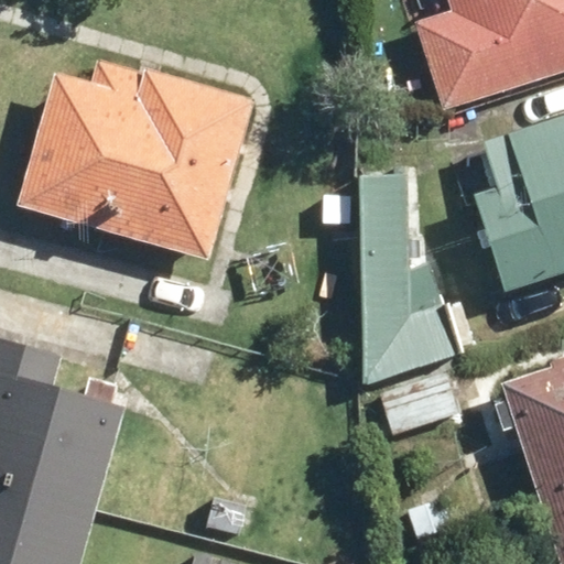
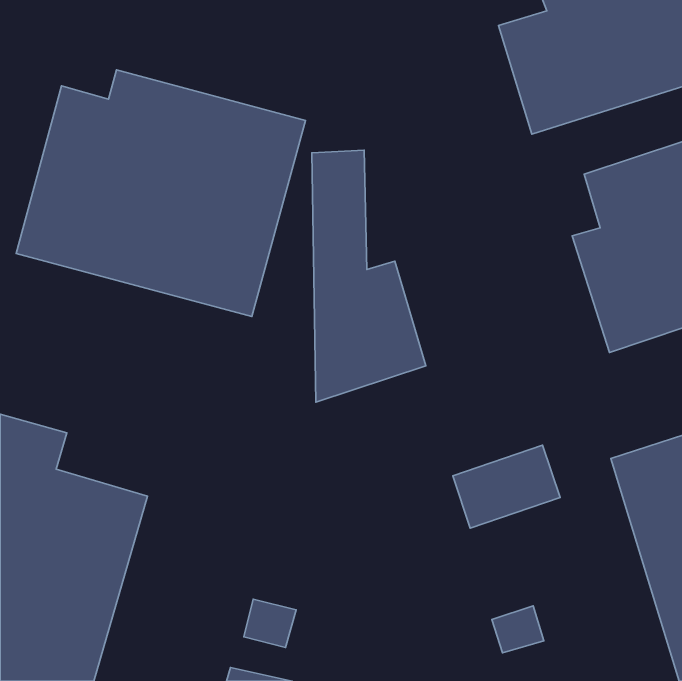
building: [360,175,454,382] -> [312,150,426,402]

